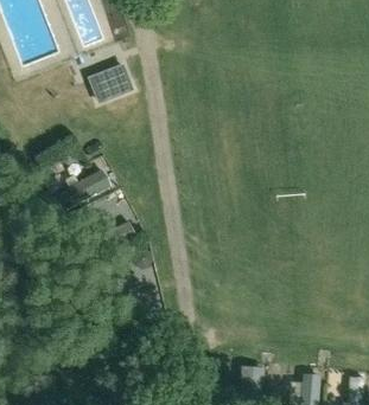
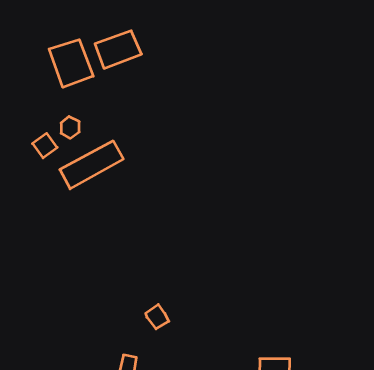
building: none -> [49,40,93,87]

